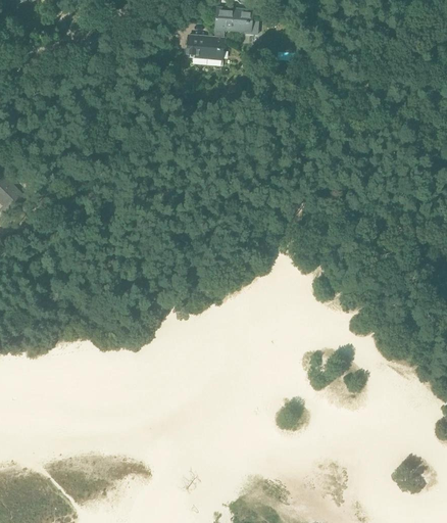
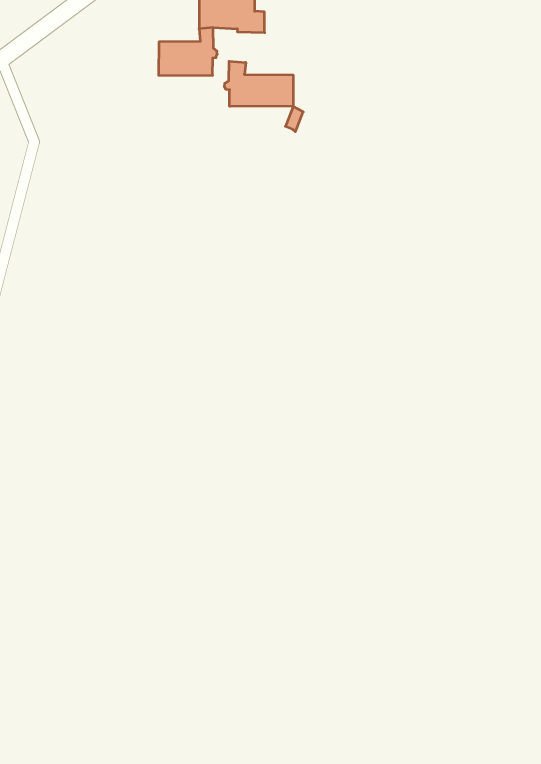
building: none -> [224,61,293,106]

